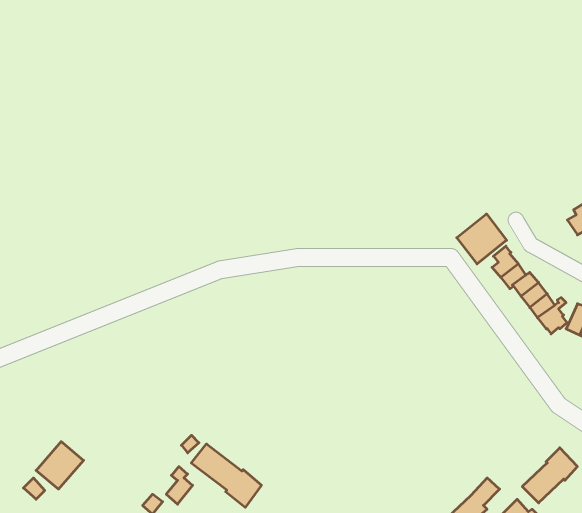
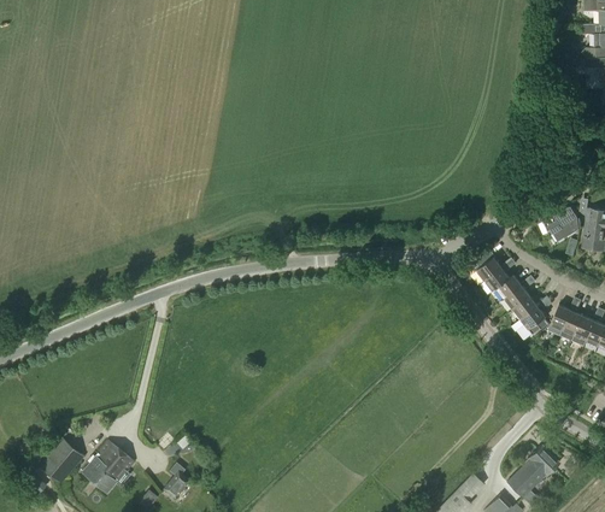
building: [457,214,507,264] -> none
building: [191,444,261,507] -> none
building: none -> [82,441,134,494]

